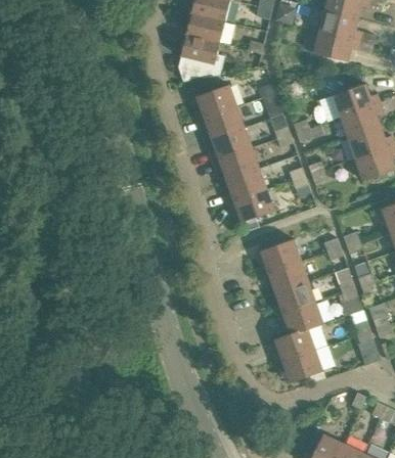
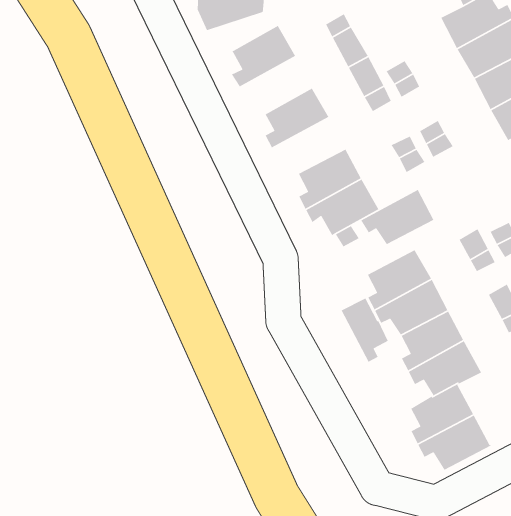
building: [199,105,245,139] -> none
building: [213,147,260,180] -> [360,189,434,245]
building: none -> [341,297,389,363]

